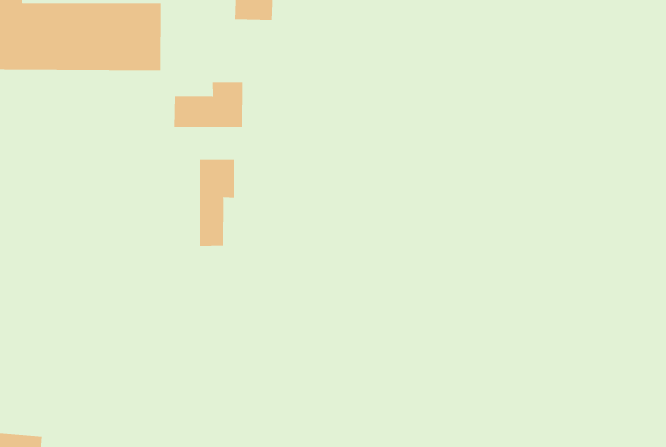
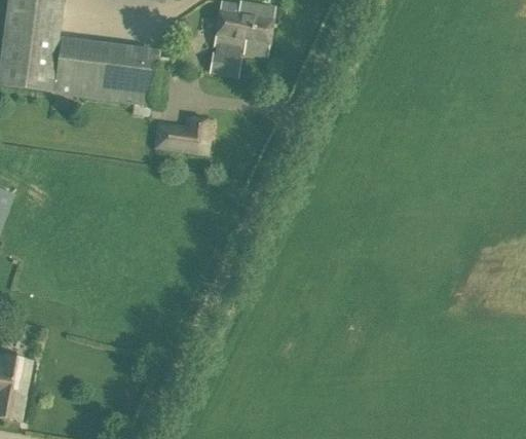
building: [199,159,235,247] -> none

